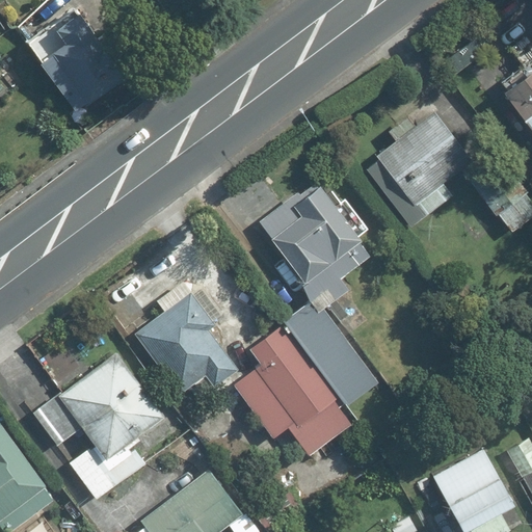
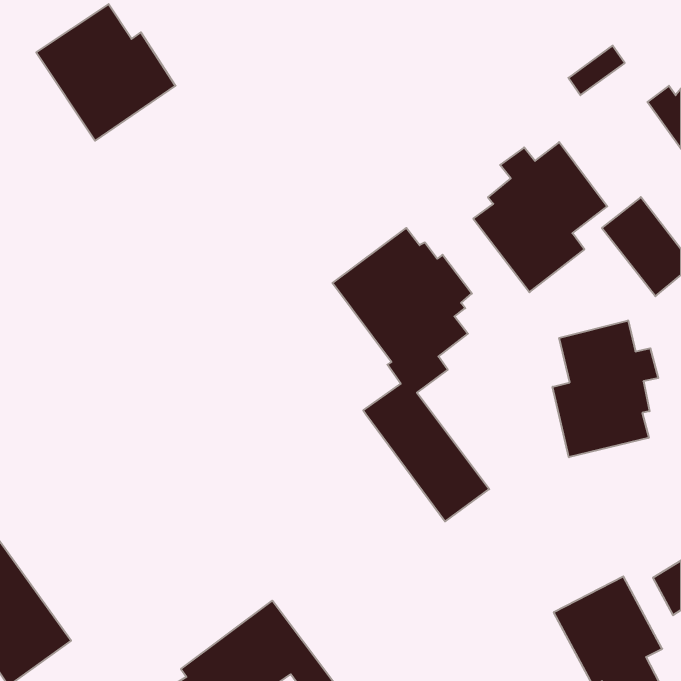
building: none -> [553,320,658,457]
building: [135,294,237,394] -> none
building: [231,324,355,456] -> none
building: [31,351,164,499] -> none

